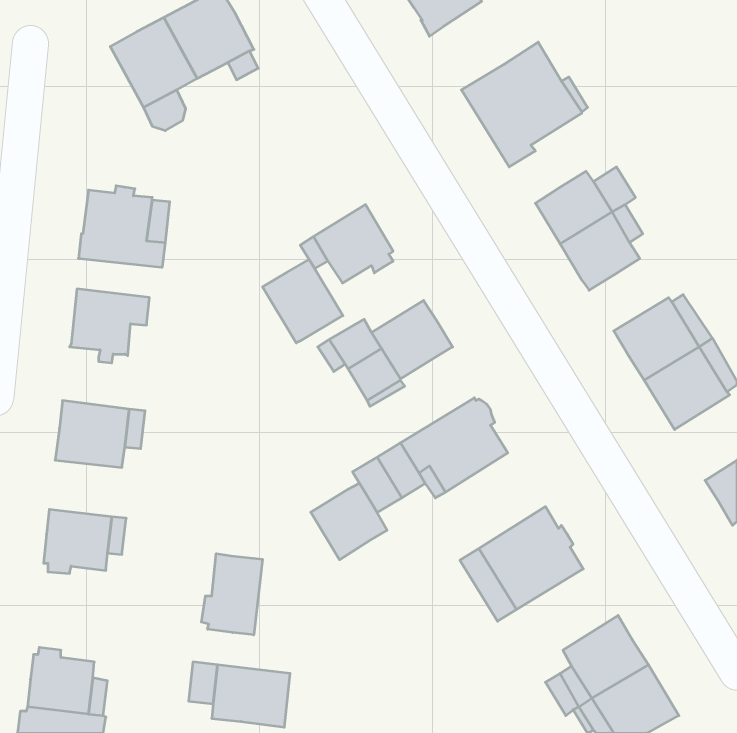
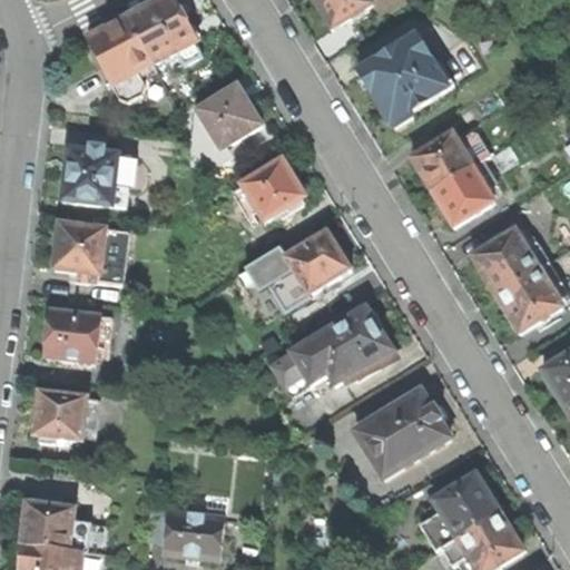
building: none -> [196,85,258,146]
building: [263,260,343,343] -> none
building: none -> [95,228,128,282]
building: [311,483,387,560] -> none
building: [201,554,262,635] -> none

